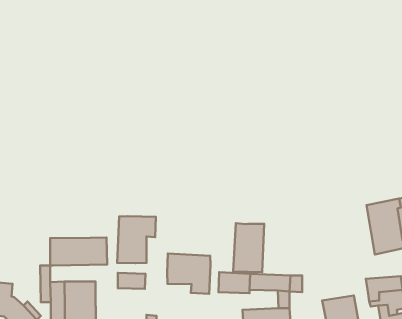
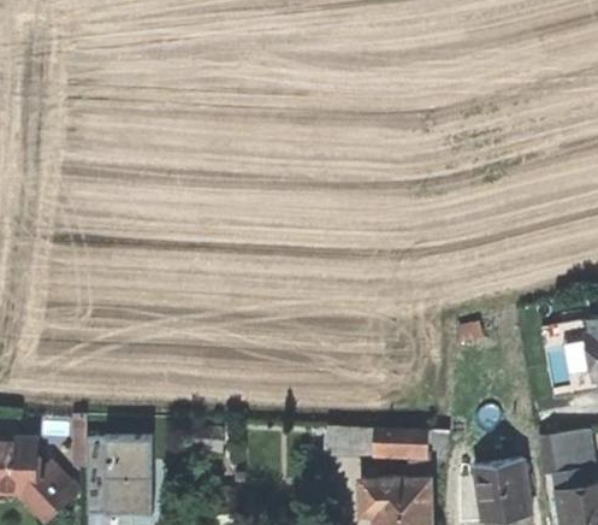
building: [117,216,156,263] -> none
building: [233,223,264,272] -> none
building: [50,237,107,265] -> none
building: [167,254,210,294] -> none

